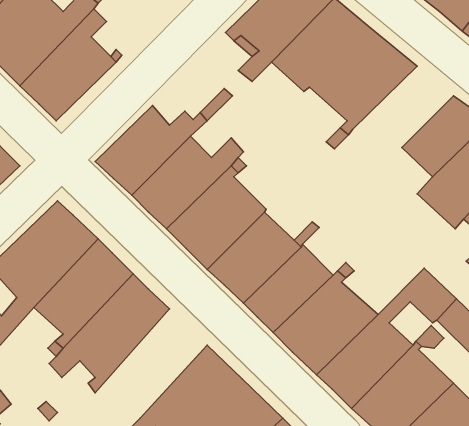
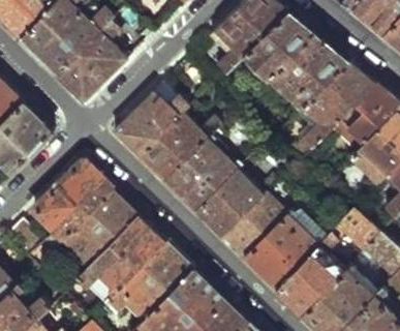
building: none -> [291,61,376,160]
building: none -> [109,240,194,321]

